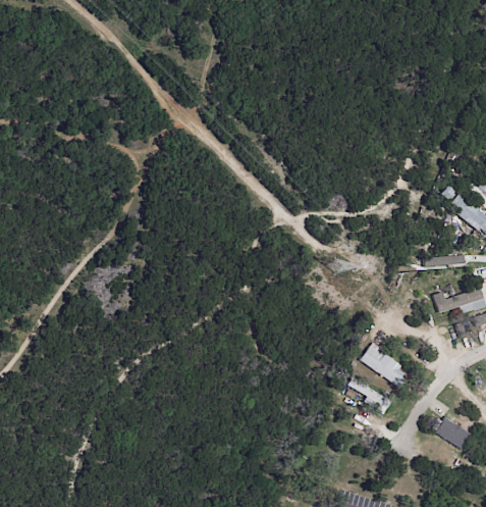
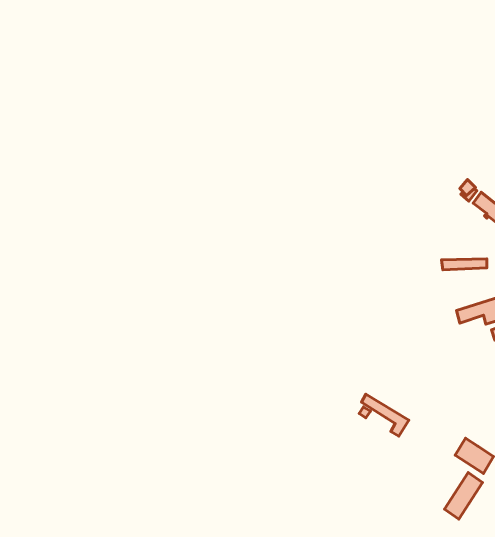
building: [362,342,401,384] -> none
building: none -> [445,472,482,519]

